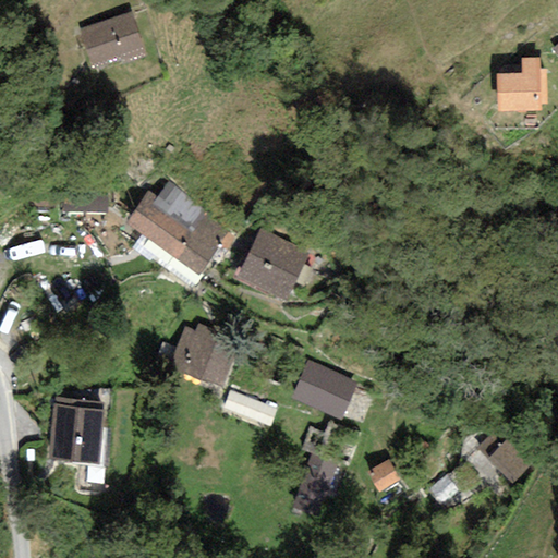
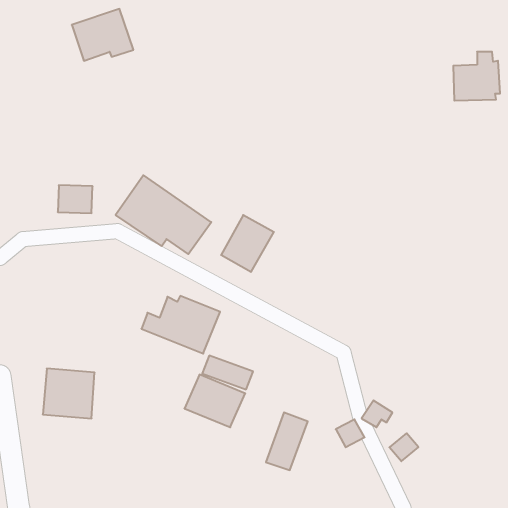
building: [292,360,359,417] -> [184,375,245,427]
building: [477,428,532,482] -> none

